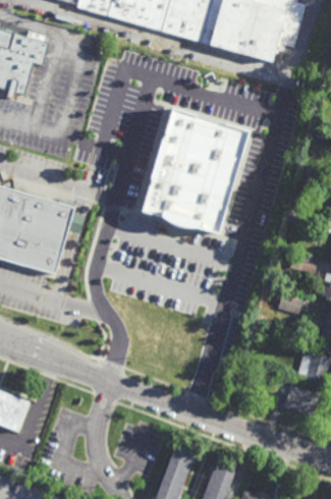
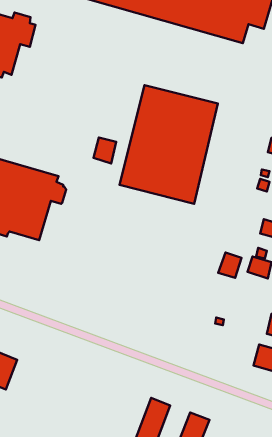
building: none -> [93,137,116,164]
building: none -> [218,253,241,278]

